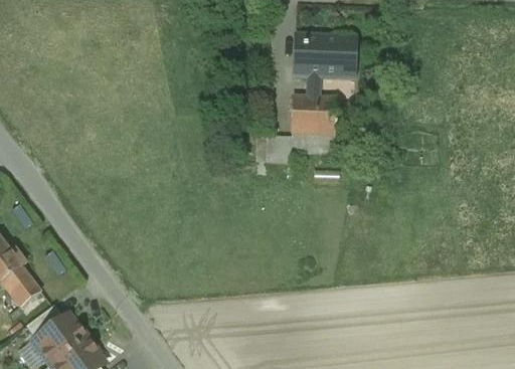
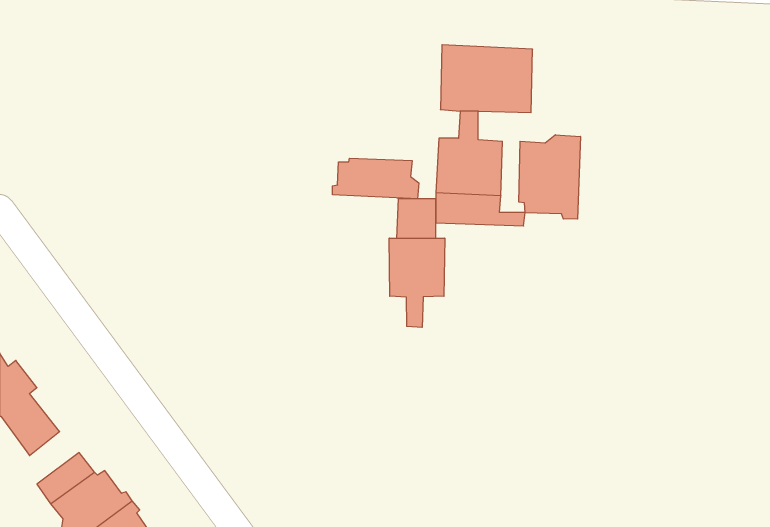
building: none -> [519,135,580,219]
building: none -> [332,158,419,199]
building: none -> [389,238,445,327]

